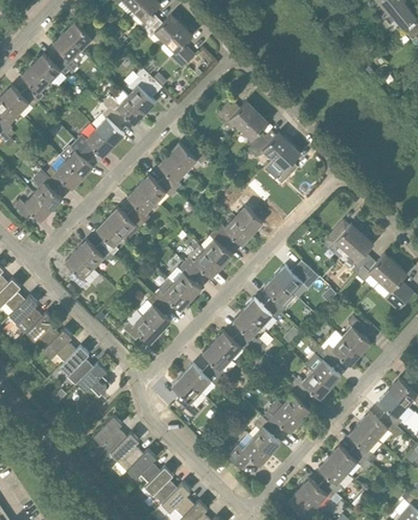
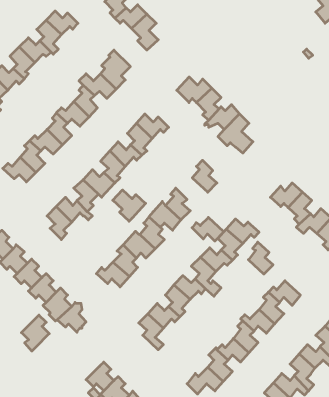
building: [215,216,252,244] -> [192,217,224,241]
building: none -> [113,190,146,221]
building: [342,316,371,353] -> [248,242,273,274]
building: [94,414,126,456] -> [21,315,49,351]

